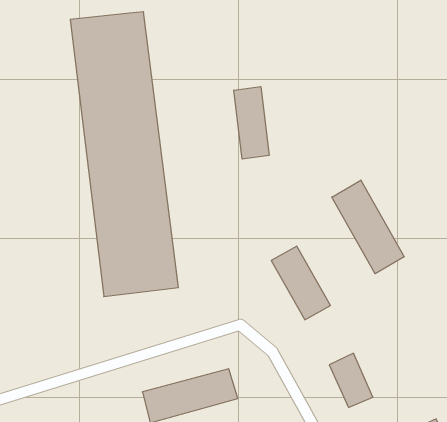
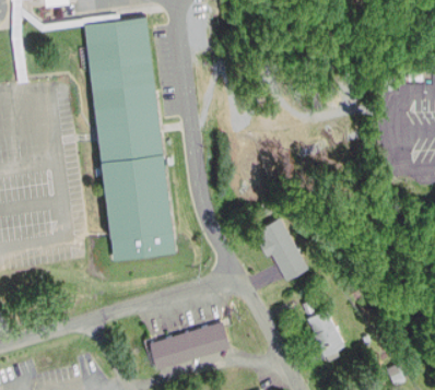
building: [234,87,269,159] -> none
building: [332,180,404,274] -> none

